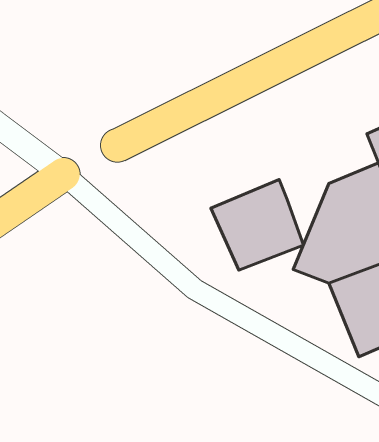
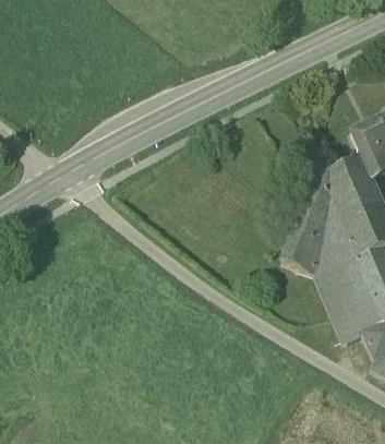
building: [211,180,303,270] -> none

